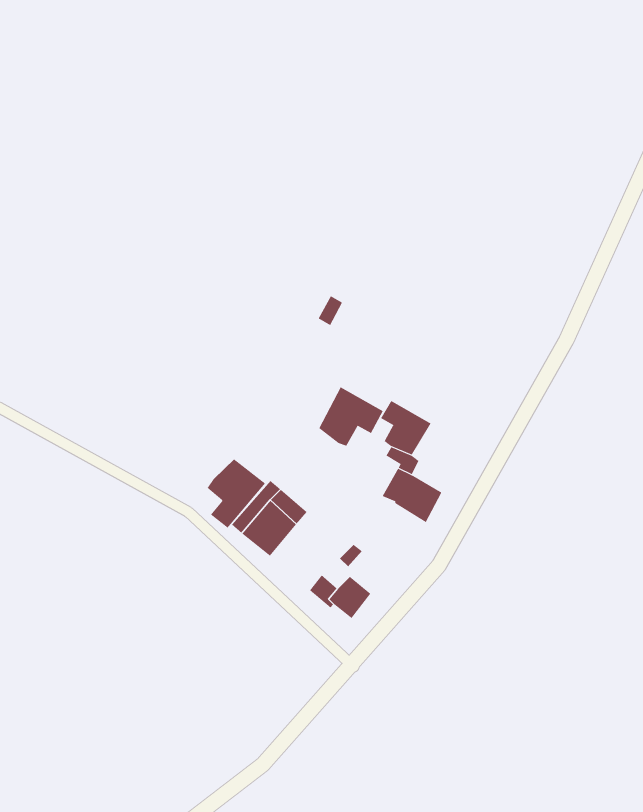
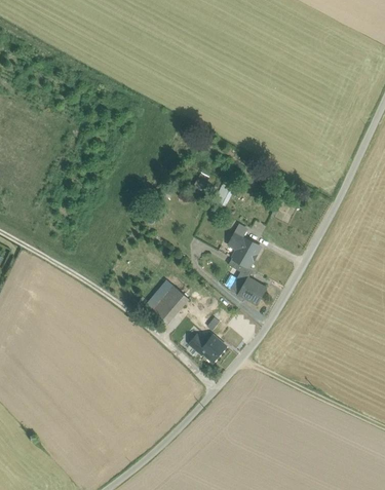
building: [318,386,384,447] -> none
building: [207,458,266,529] -> none

